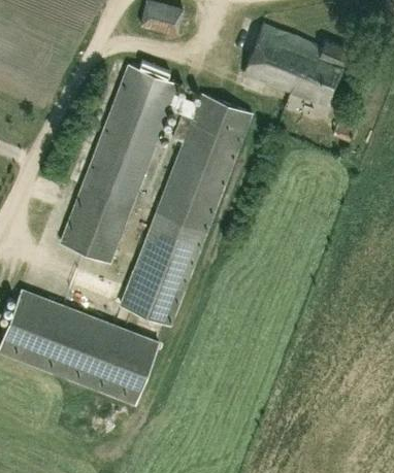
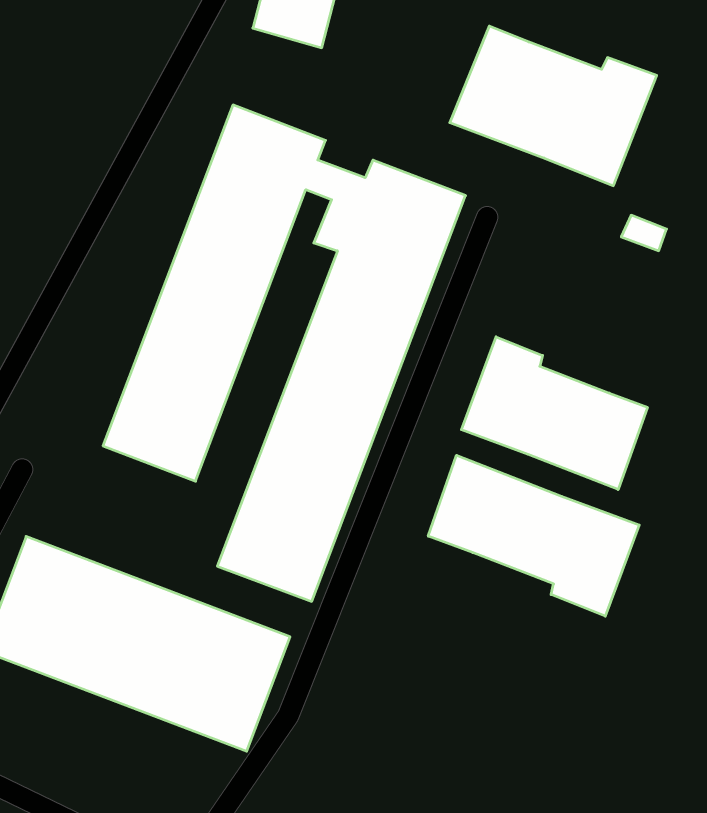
building: none -> [461,337,647,490]
building: none -> [428,455,639,616]

